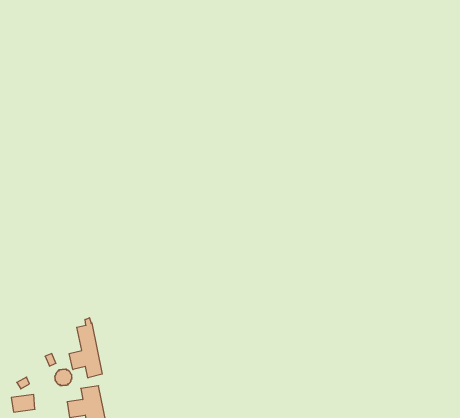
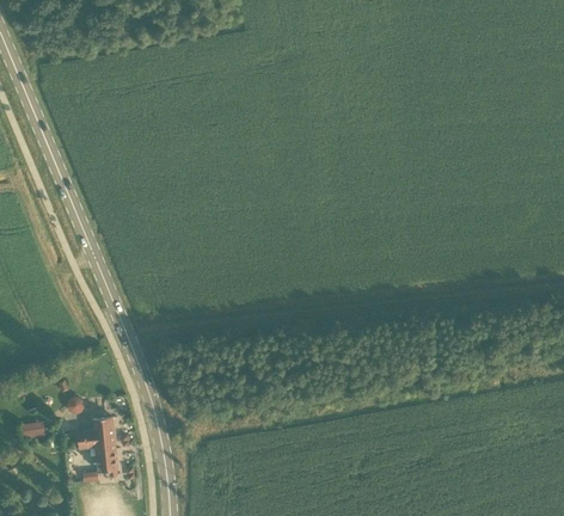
building: [69,318,102,378] -> none

